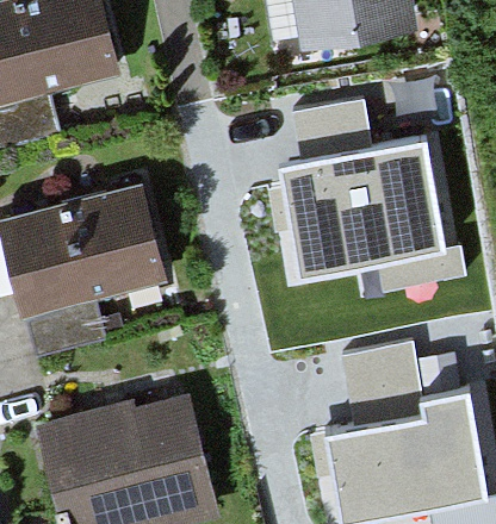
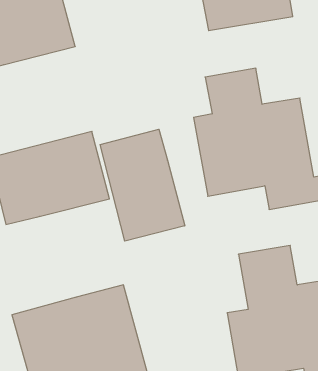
building: none -> [100,129,185,241]

